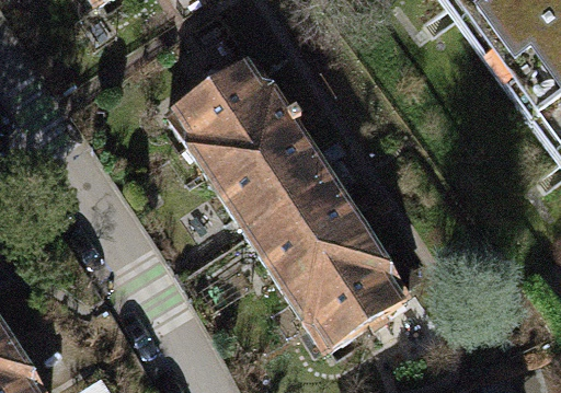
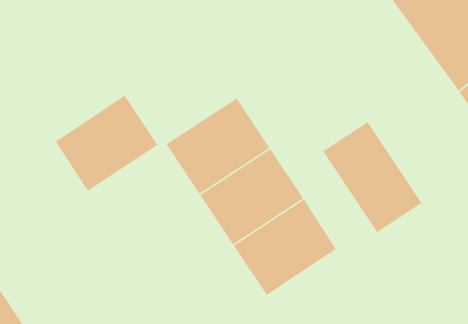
building: [165,56,287,170] -> [55,95,159,192]
building: none -> [322,121,422,233]

